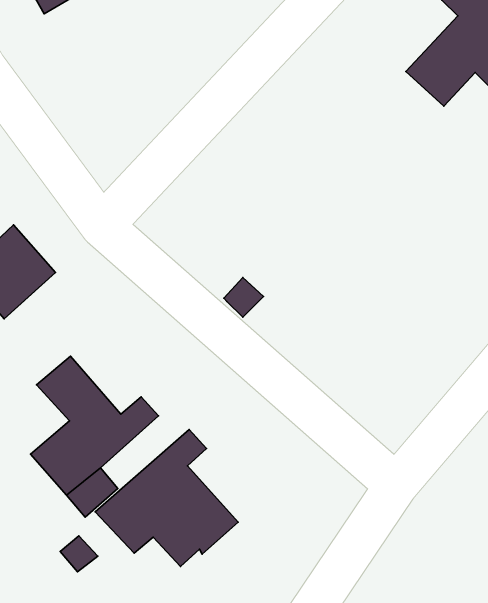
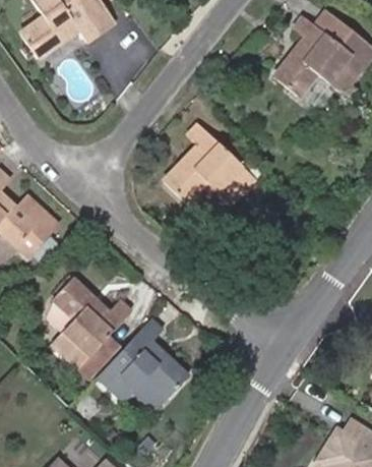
building: none -> [163,123,255,205]

